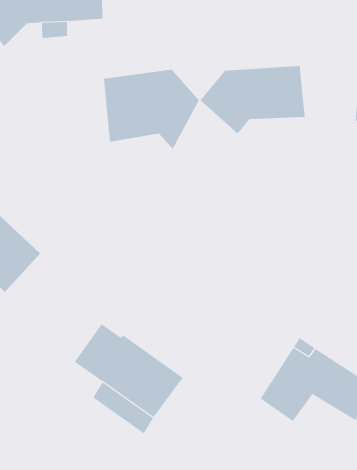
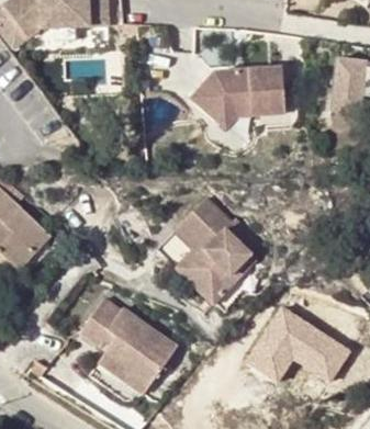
building: [103,69,200,150] -> none
building: none -> [175,196,262,304]

